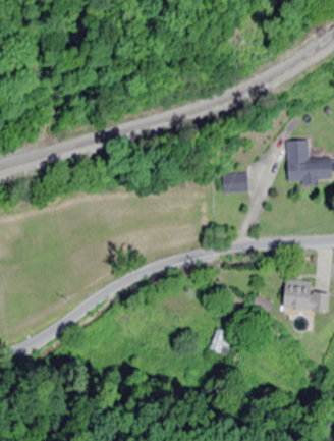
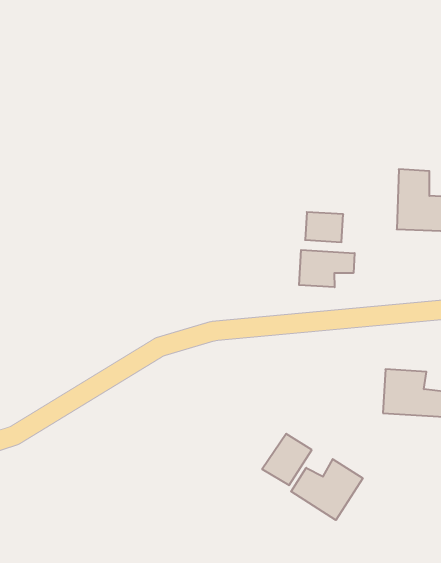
building: none -> [299,250,355,287]
building: none -> [291,459,363,520]

